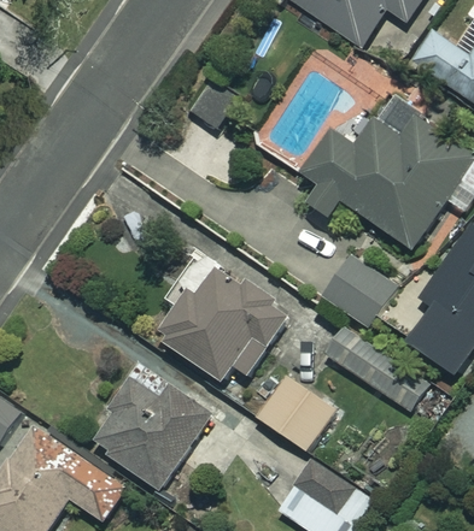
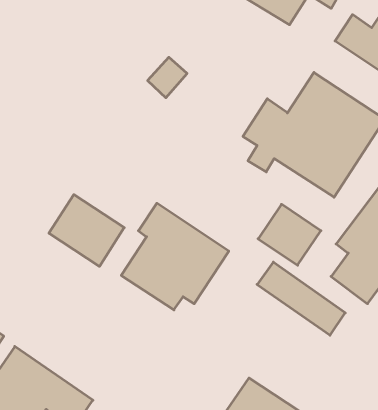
building: none -> [49,195,124,266]
building: [257,374,338,452] -> none
building: [89,379,209,488] -> none

